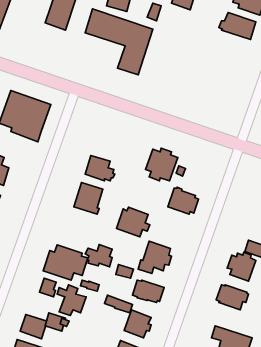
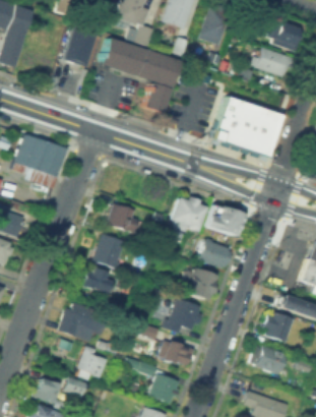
building: none -> [209,96,277,156]
building: none -> [215,205,250,238]
building: [117,207,150,237] -> [180,267,216,300]
building: [85,245,112,267] -> [78,266,108,291]

